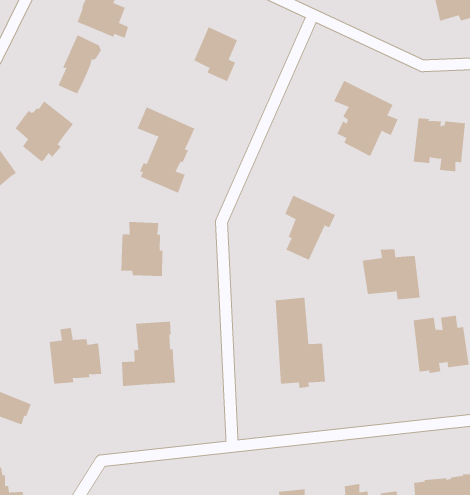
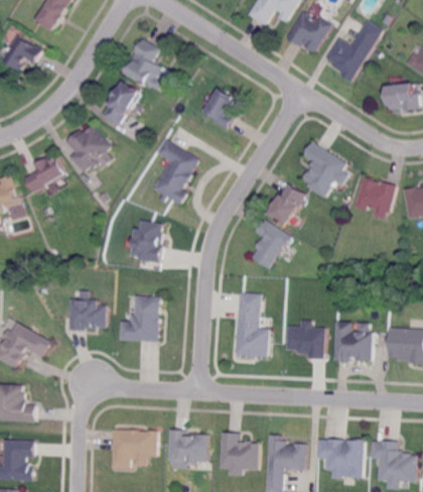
building: none -> [266,183,304,227]
building: [362,249,420,300] -> [284,319,323,358]

